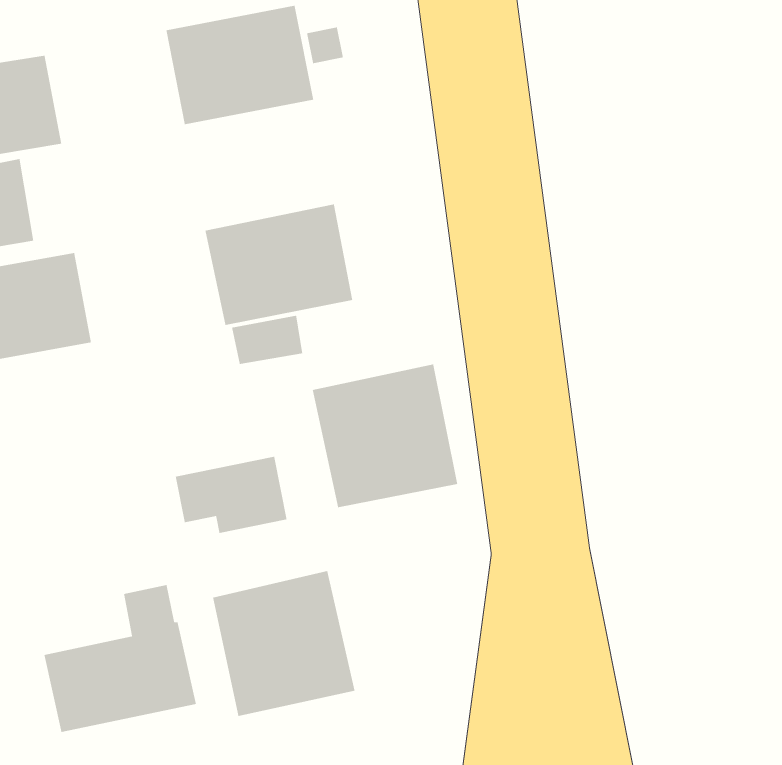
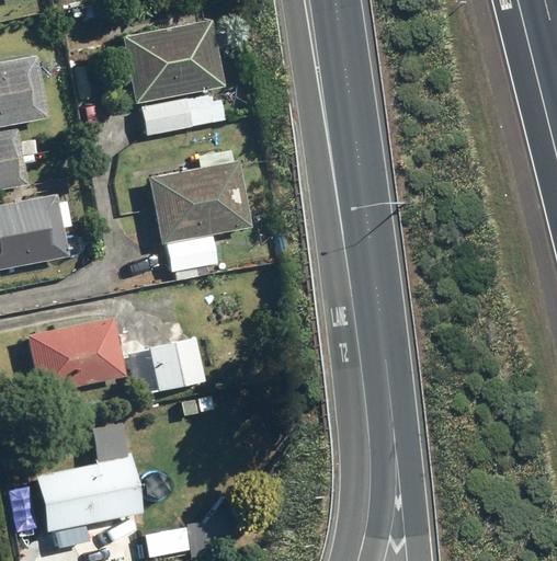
building: none -> [140,93,226,136]
building: [312,364,458,508] -> none
building: none -> [26,316,126,393]
building: [212,570,356,717] -> none

